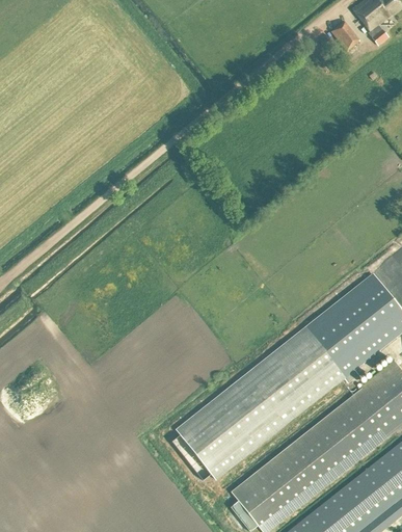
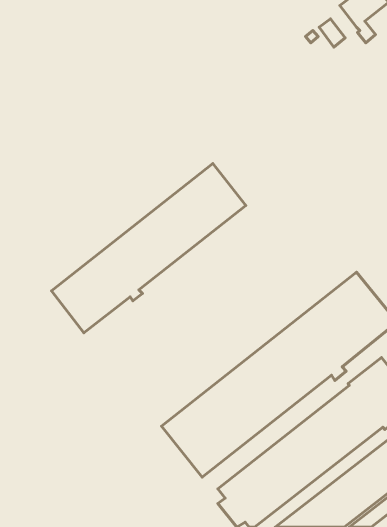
building: none -> [52,164,246,333]

